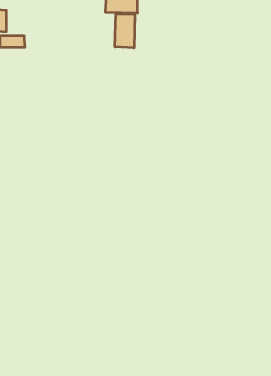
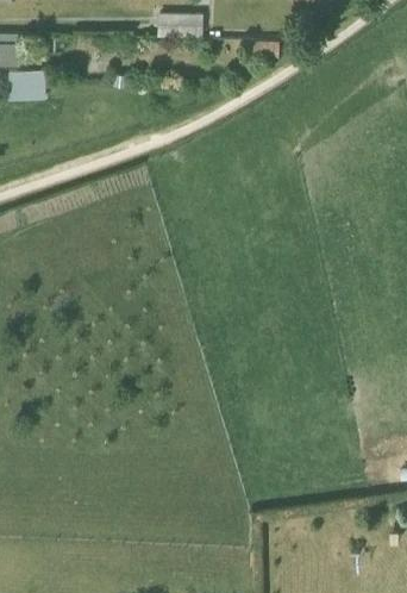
building: [115,14,135,48] -> none

